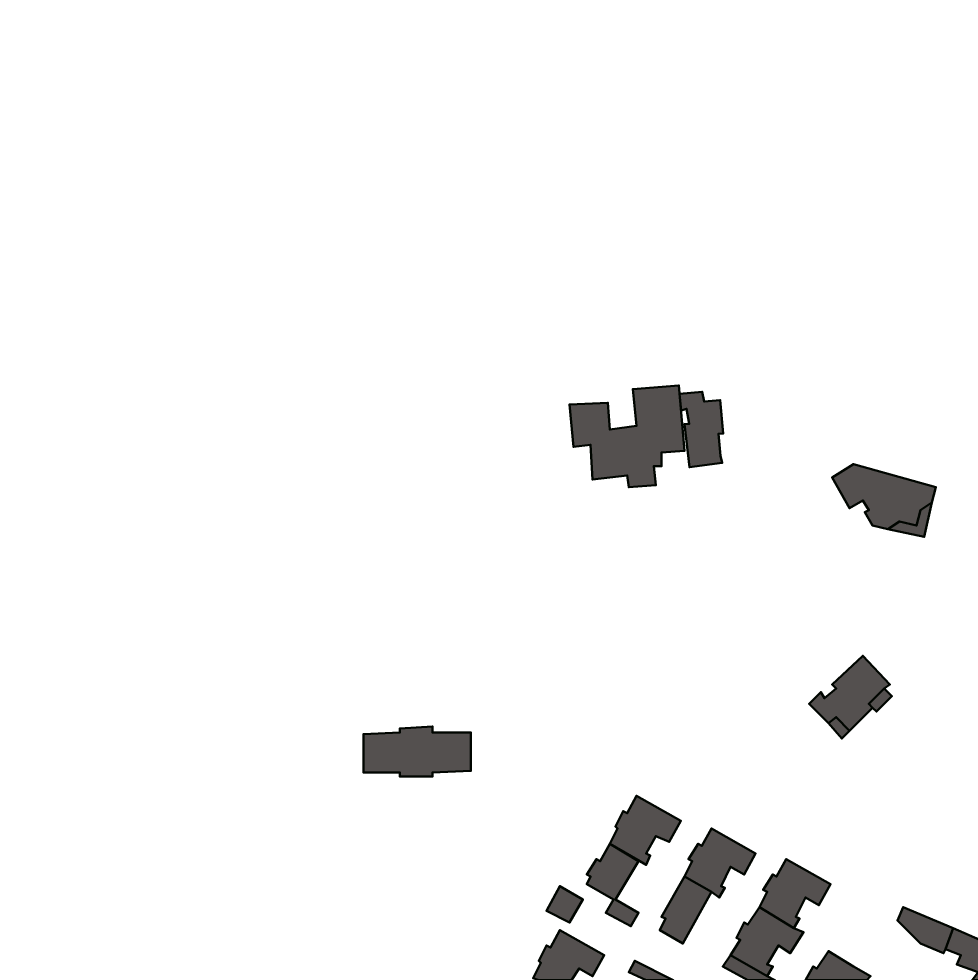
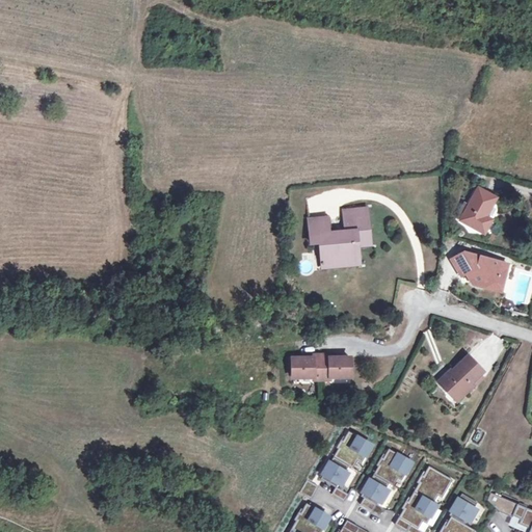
building: none -> [462,189,497,233]
building: [680,392,723,467] -> none
building: [363,727,471,776] -> [293,353,351,380]
building: none -> [448,493,476,524]

